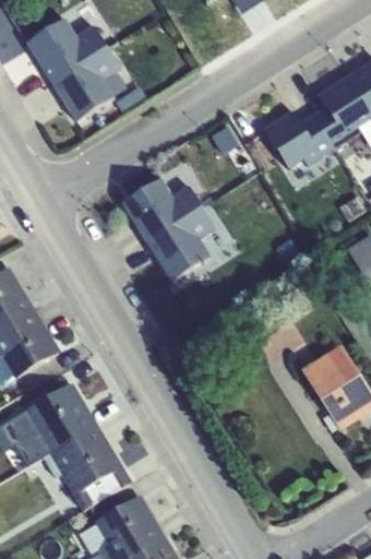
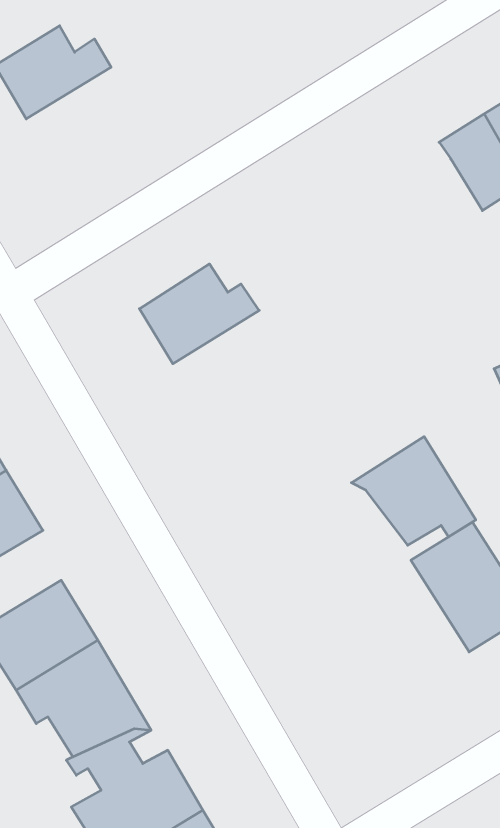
building: [48,47,127,124] -> none
building: [265,107,347,175] -> none
building: [144,206,216,280] -> none
building: none -> [351,437,476,545]

